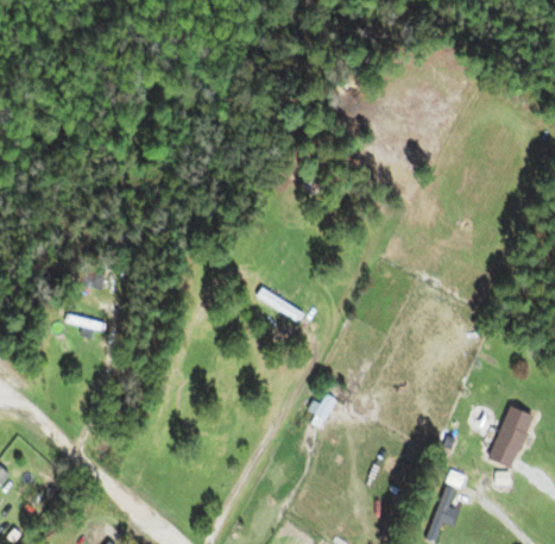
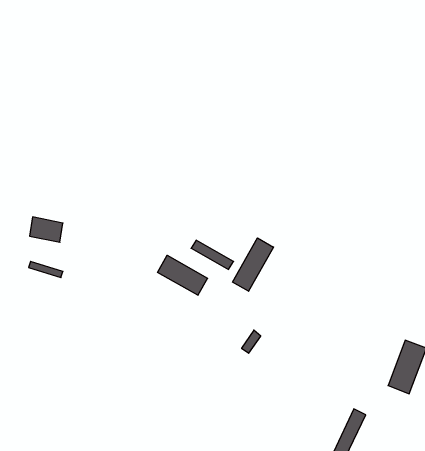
building: none -> [233,238,274,291]
building: none -> [158,255,208,295]

